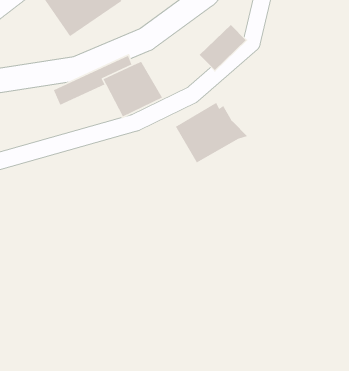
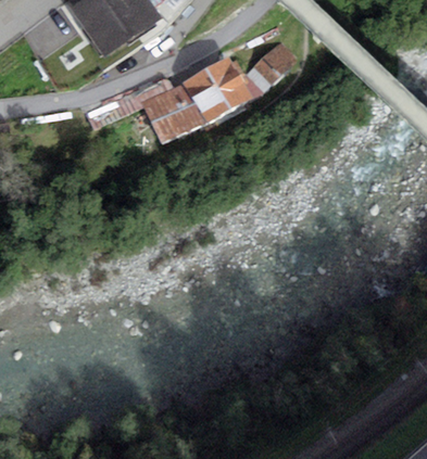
building: [175,102,248,163] -> [183,55,263,123]

